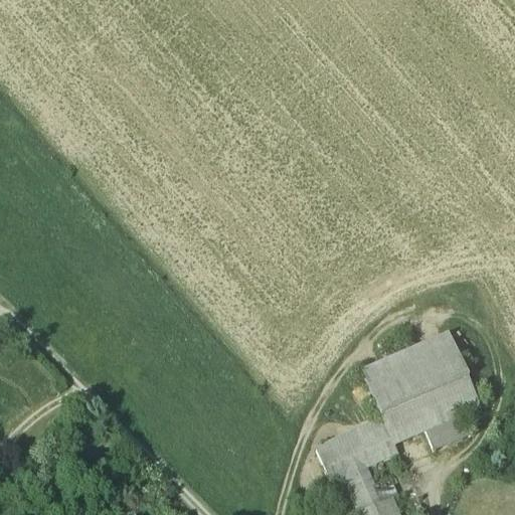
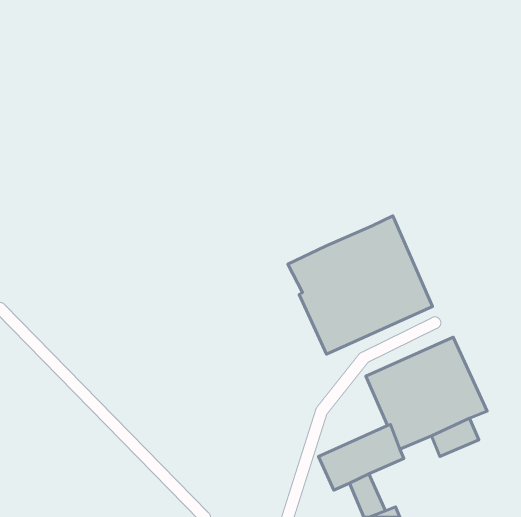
building: none -> [288,216,432,354]

